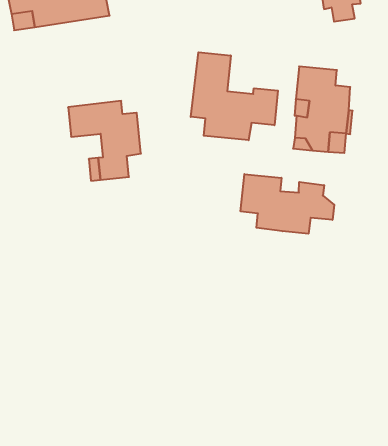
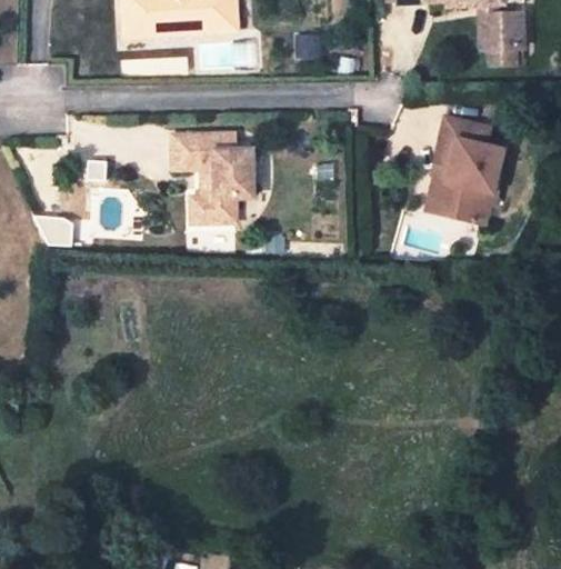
building: [191,52,278,140] -> none
building: [241,174,334,234] -> none

